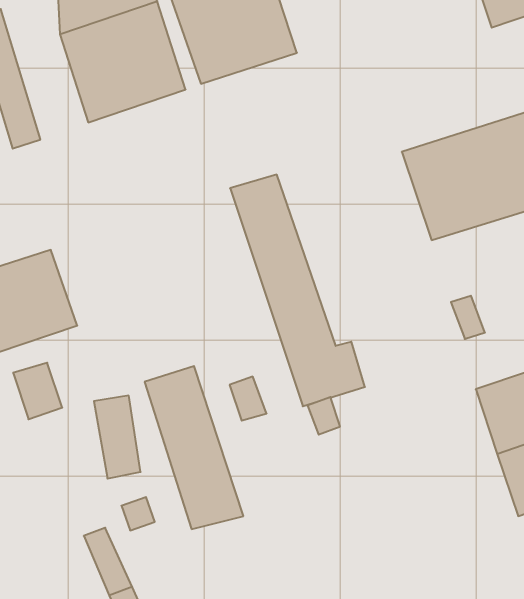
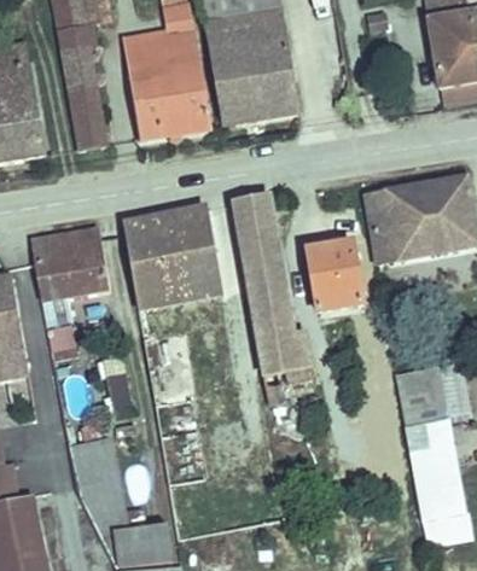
building: none -> [121,209,217,307]
building: none -> [308,237,366,309]

